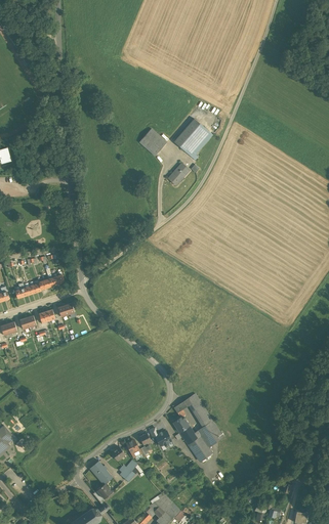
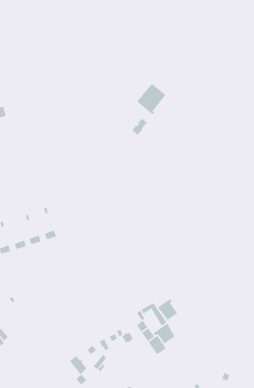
building: [138,129,166,156] -> none
building: none -> [157,298,178,321]

